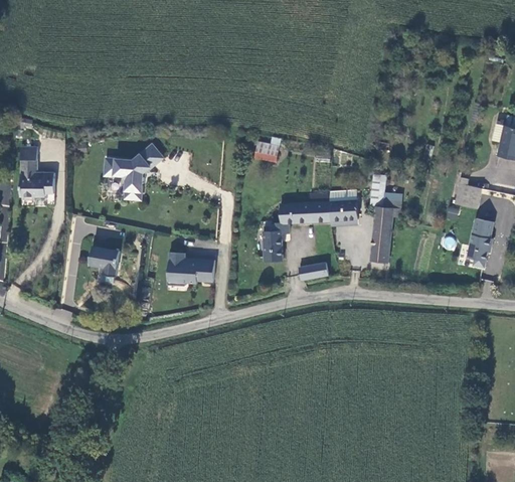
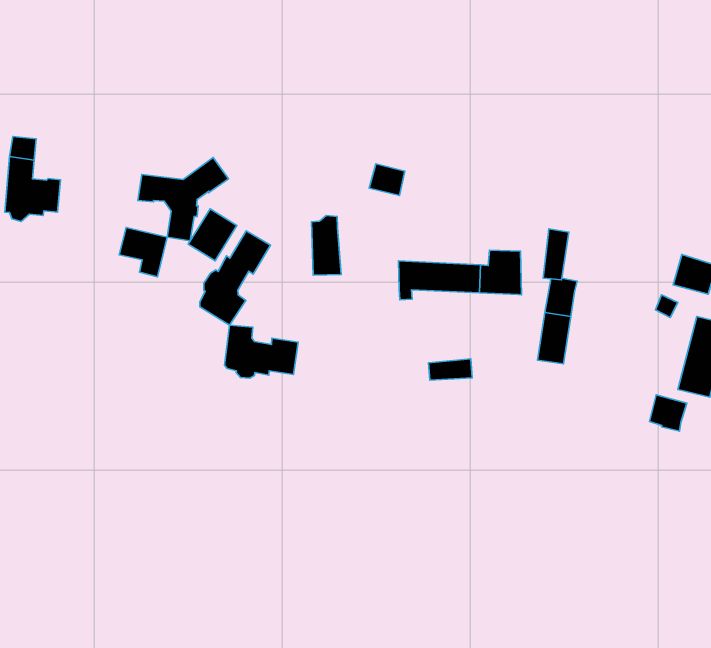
building: none -> [188,209,237,261]
building: none -> [200,231,270,325]
building: [263,221,285,261] -> [312,216,341,275]
building: [83,245,114,275] -> [119,227,167,277]
building: none -> [650,395,687,431]

